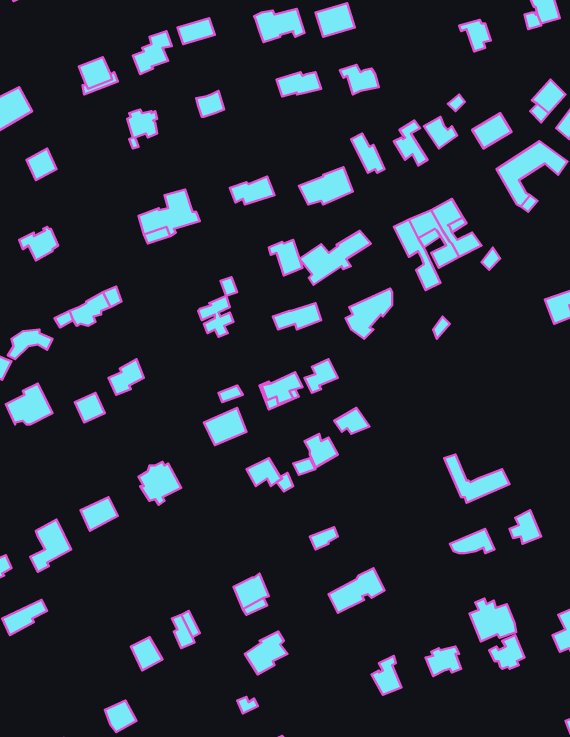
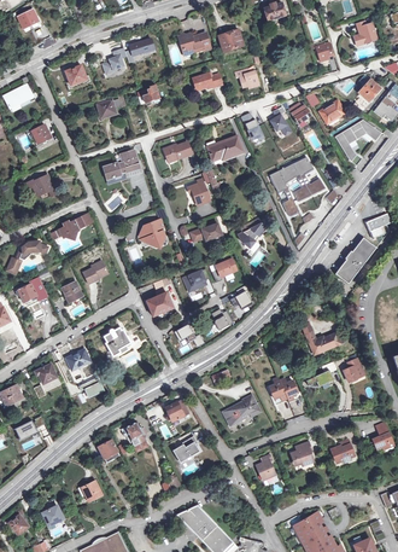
building: [299,231,371,285] -> none
building: none -> [335,236,376,281]
building: [470,599,516,641] -> [269,376,299,403]

